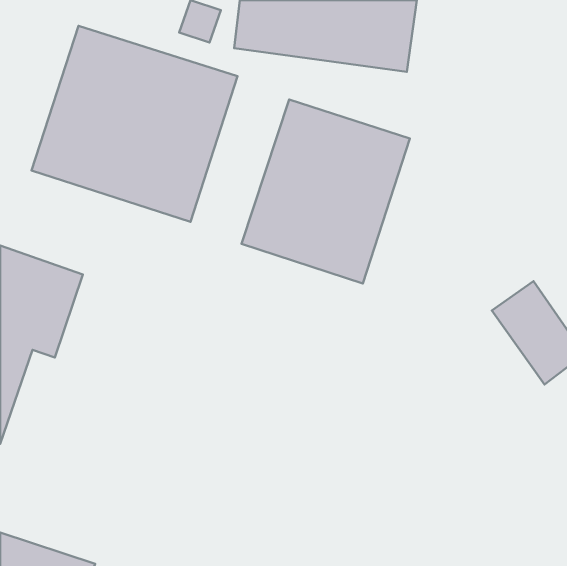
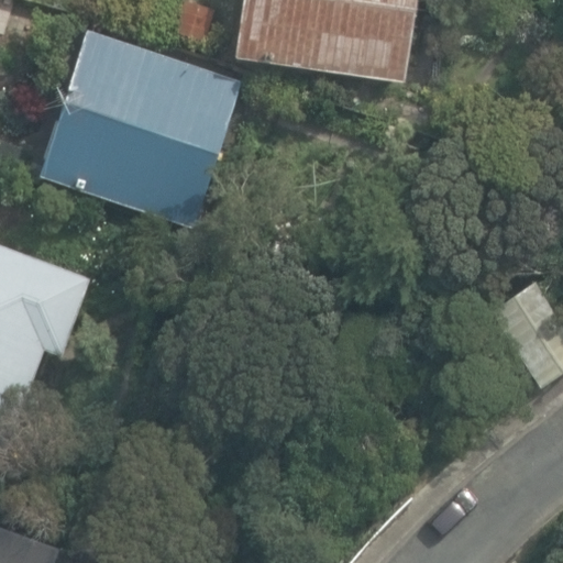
building: [242,100,410,283] -> none

